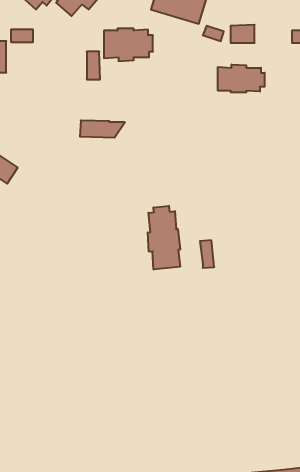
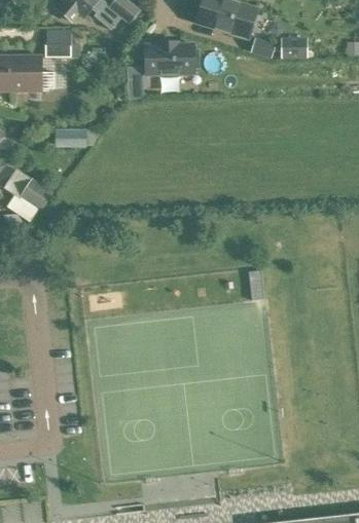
building: [218,64,265,92] -> none
building: [80,120,125,138] -> [55,127,103,146]
building: [148,206,180,270] -> none

